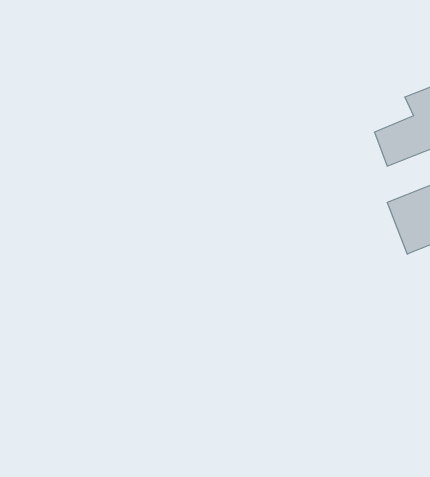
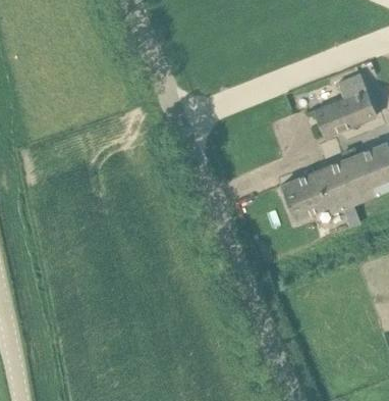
building: none -> [282,168,341,219]

